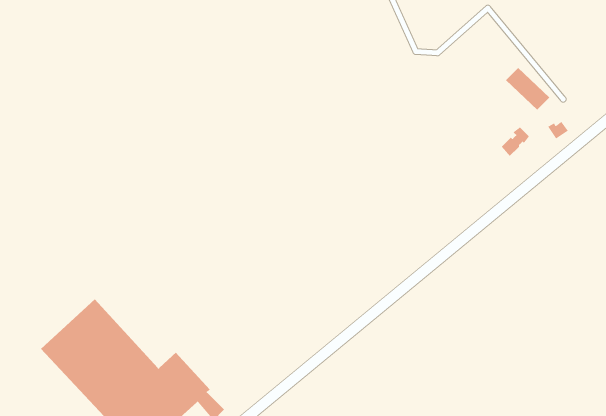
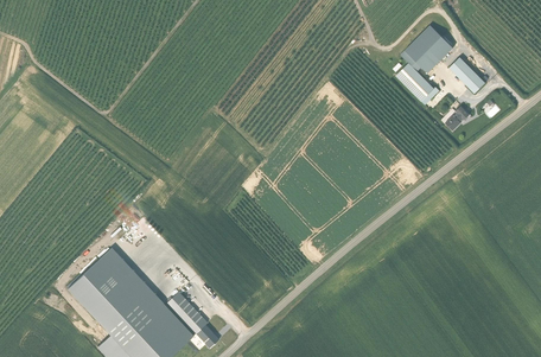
building: none -> [395,25,452,104]

